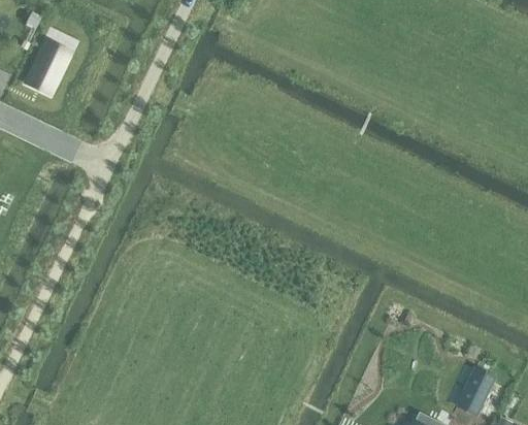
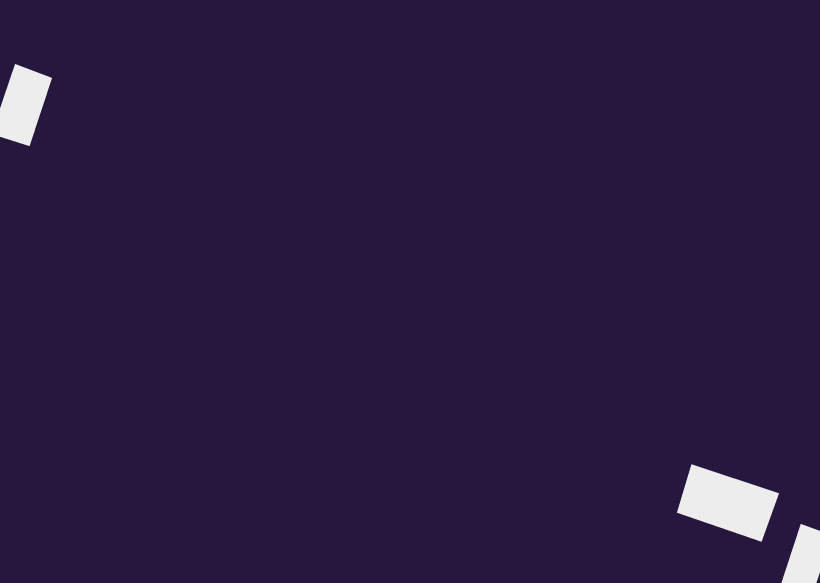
building: none -> [676,463,780,543]

